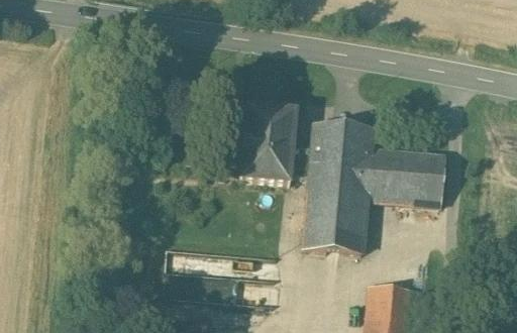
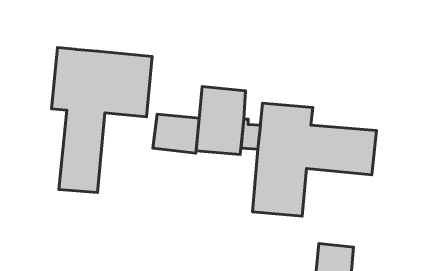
building: none -> [51,48,152,193]
building: none -> [153,114,199,153]

